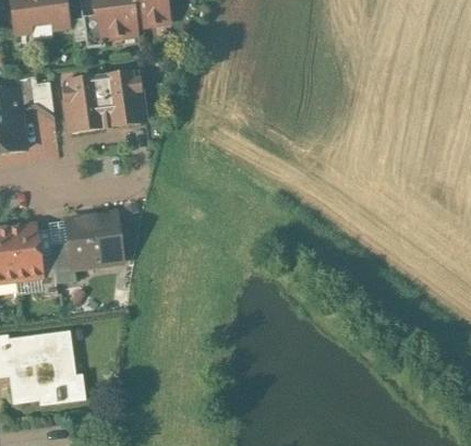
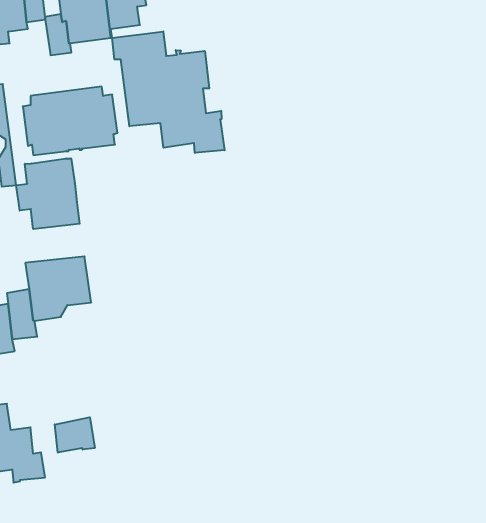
building: none -> [112,31,225,153]
building: none -> [16,158,80,229]
building: none -> [55,417,95,453]

